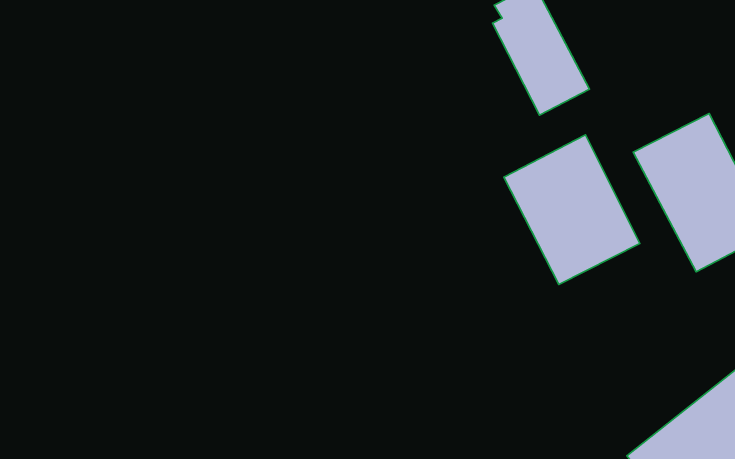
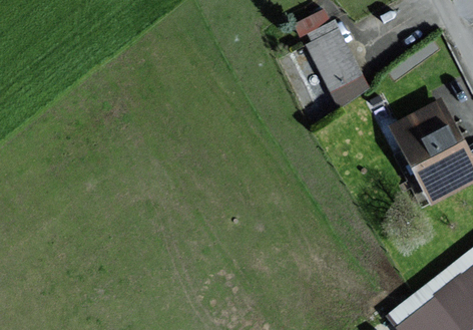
building: [504,135,640,284] -> none

